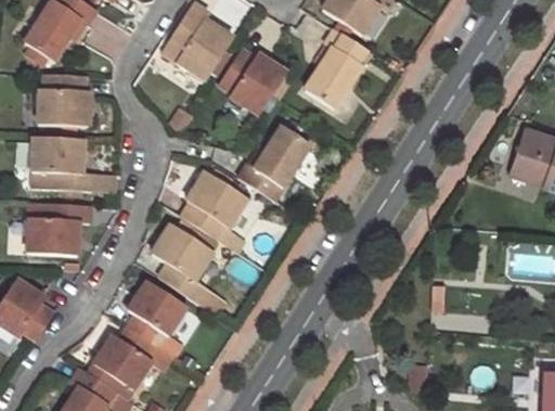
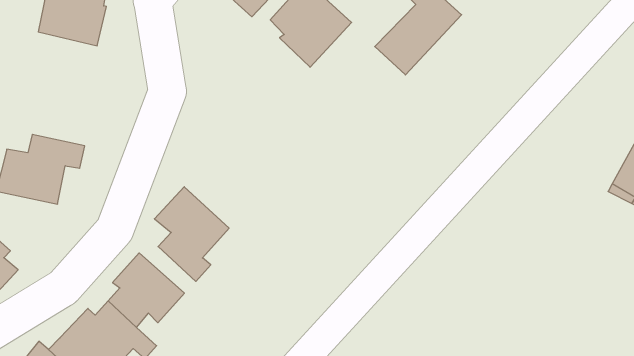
building: [236,125,309,197] -> none
building: [31,137,90,190] -> none
building: [182,174,247,236] -> none

